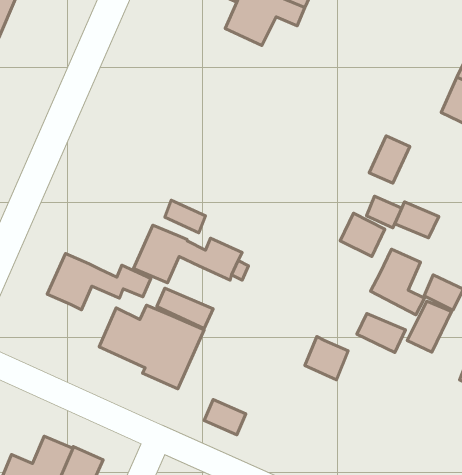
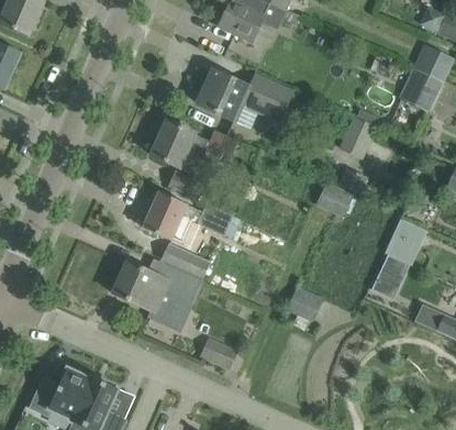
building: none -> [198,70,293,121]
building: [395,202,439,238] -> none
building: [370,249,424,315] -> none
building: [47,254,151,310] -> [151,120,237,167]
building: [357,313,405,353] -> none

